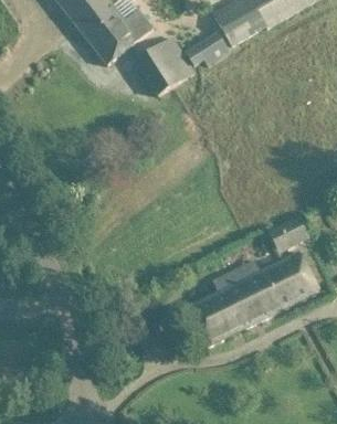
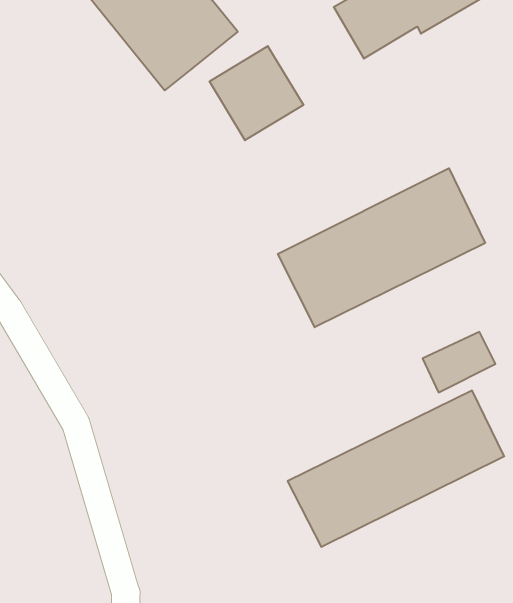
building: [186,29,230,64] -> none
building: none -> [278,168,485,327]

